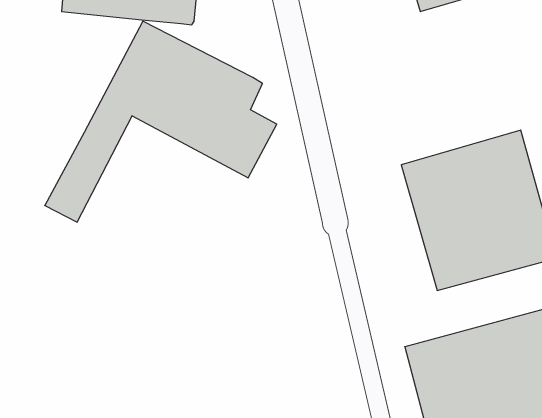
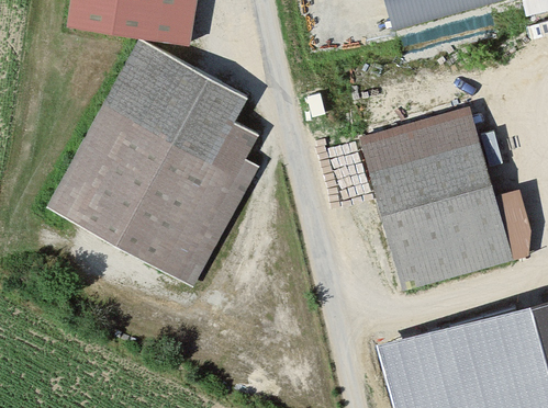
building: none -> [364,104,484,172]
building: none -> [77,127,234,281]

